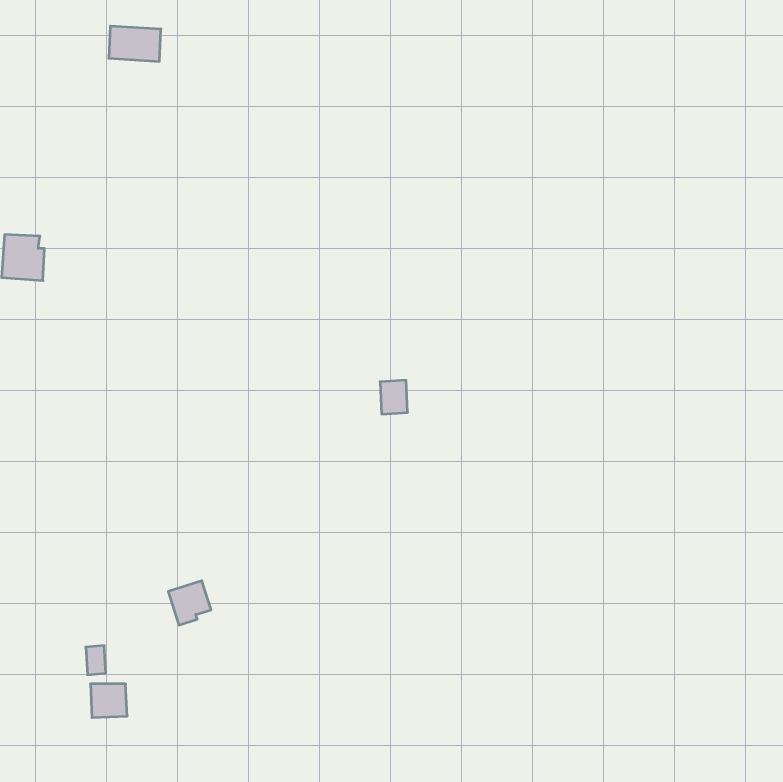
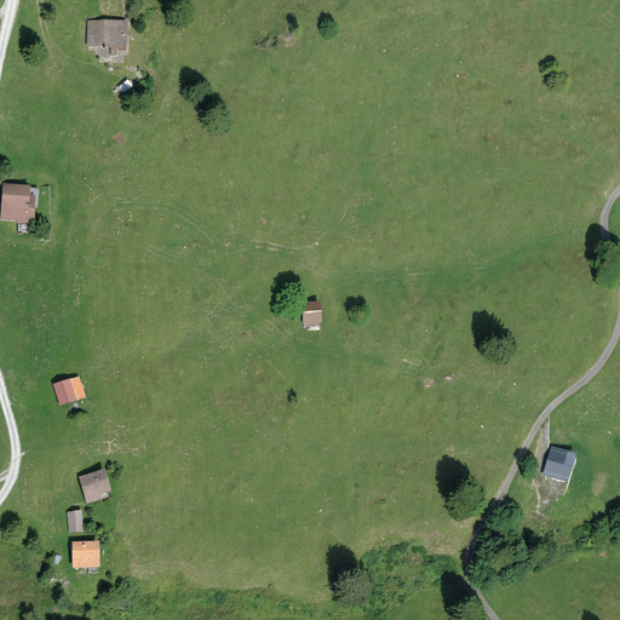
building: none -> [53,375,85,404]
building: none -> [544,446,576,482]
building: [168,581,211,625] -> [79,467,113,503]

